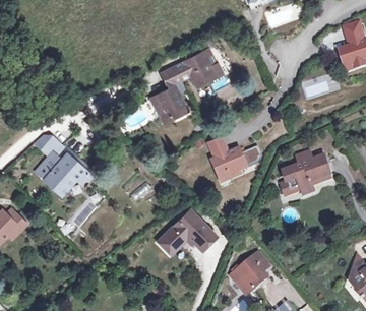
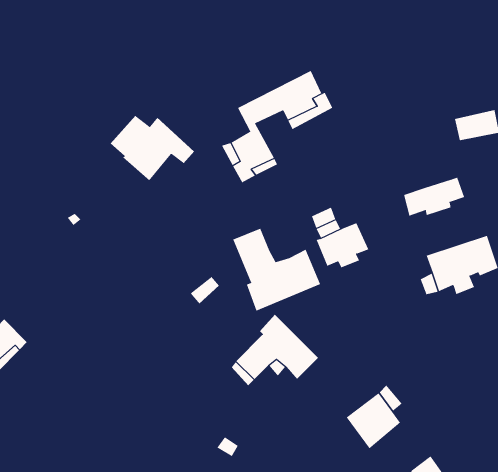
building: none -> [404,177,465,216]
building: none -> [233,228,321,311]
building: [36,152,90,195] -> [110,115,195,181]

